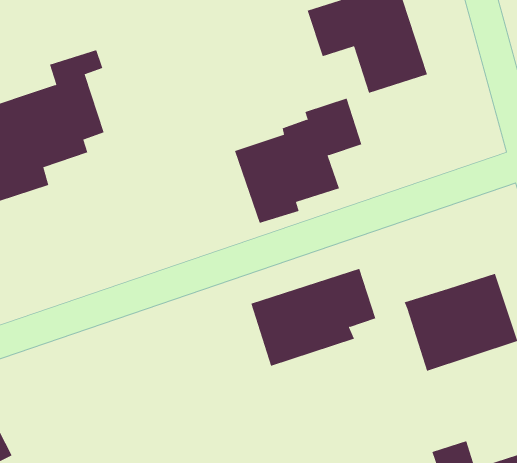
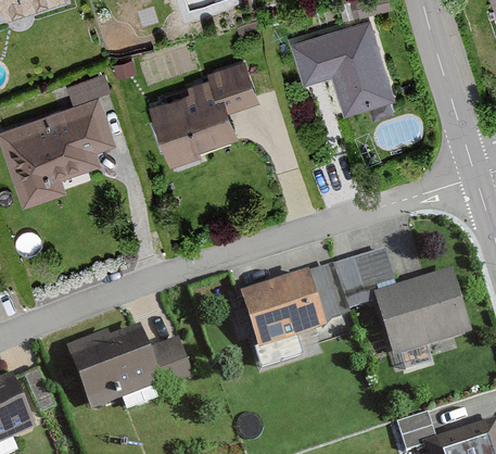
building: [234,98,362,224] -> [147,61,257,169]
building: none -> [334,249,410,310]
building: none -> [68,327,189,414]

